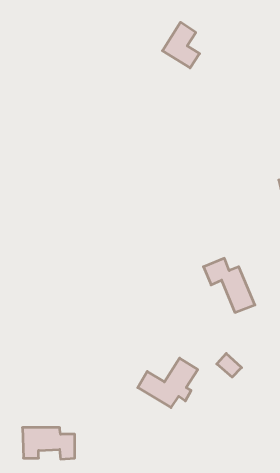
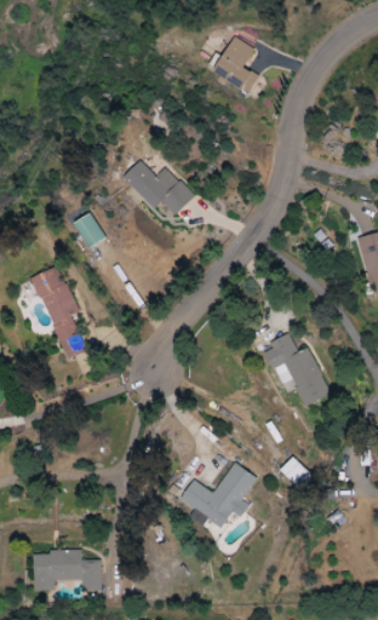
building: none -> [124,160,194,214]
building: none -> [76,213,105,247]
building: none -> [31,265,86,358]

